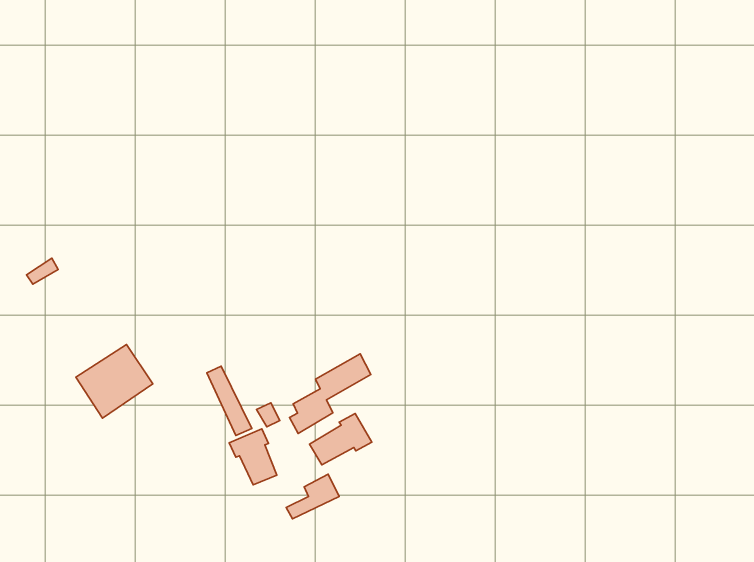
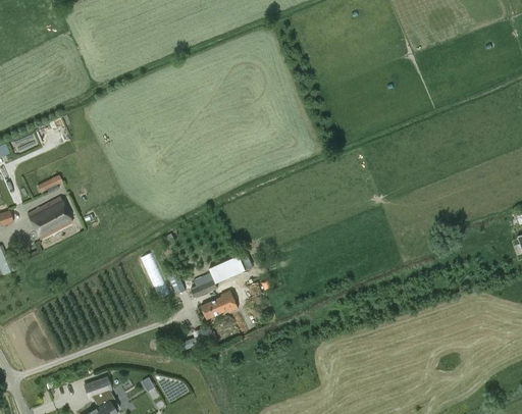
building: [76,344,153,418] -> [28,197,73,240]
building: [229,429,277,485] -> none

